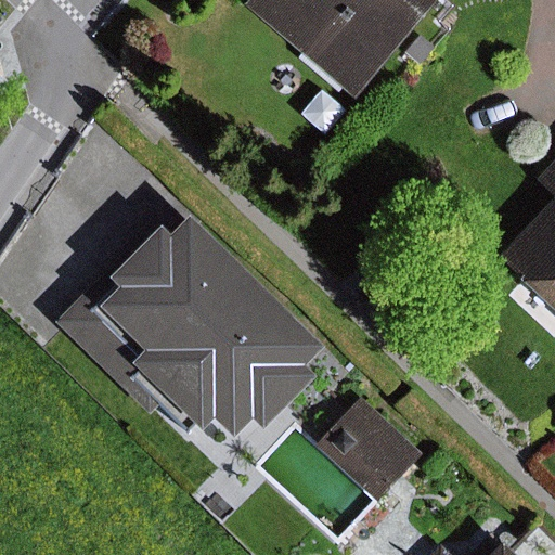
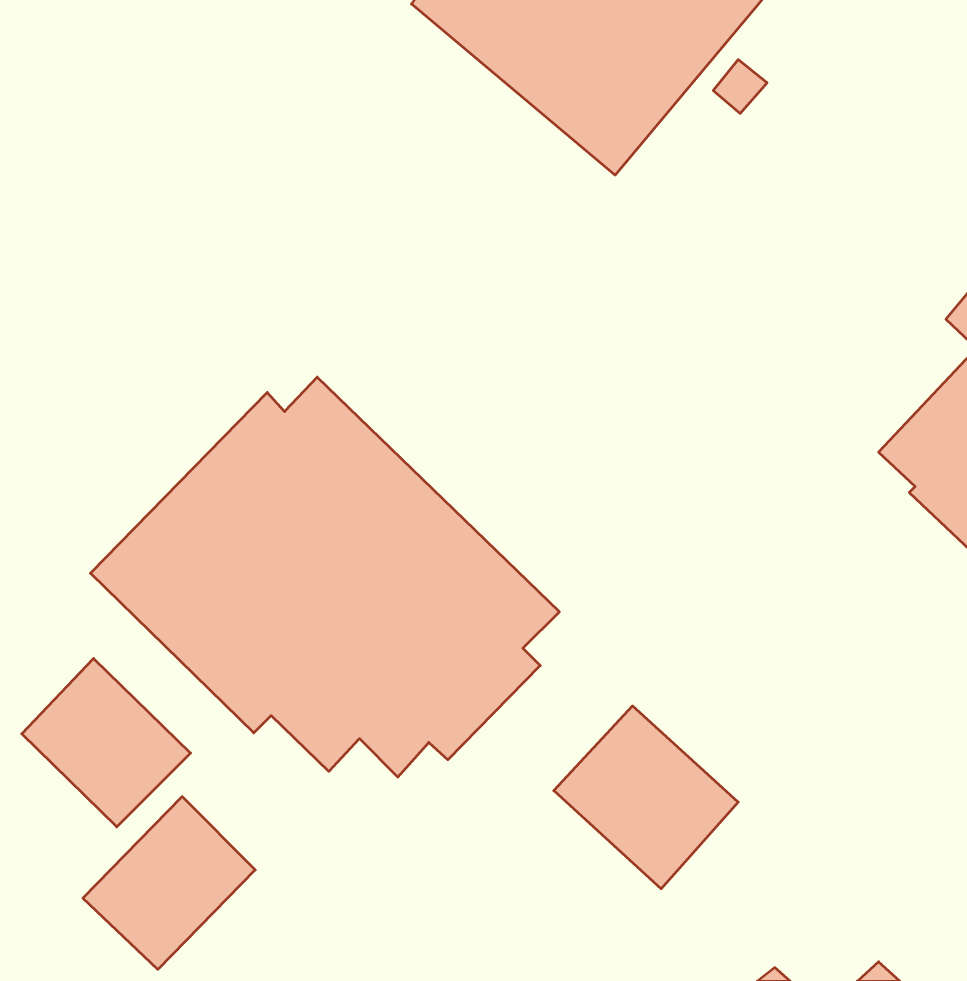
building: none -> [22,658,191,827]
building: none -> [83,797,255,969]

